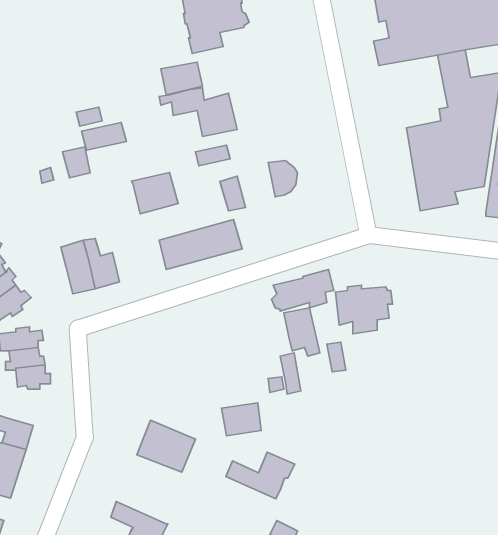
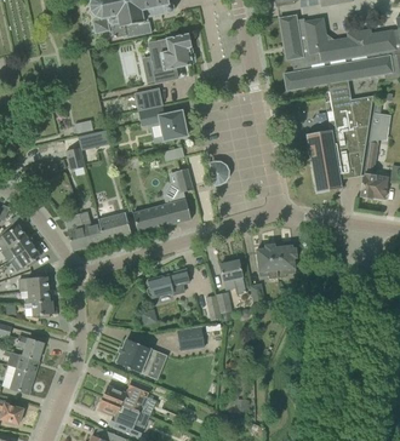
building: [131,172,178,214] -> [98,212,131,241]
building: [272,270,334,311] -> [145,268,189,297]
building: [226,452,295,499] -> [102,378,150,411]

